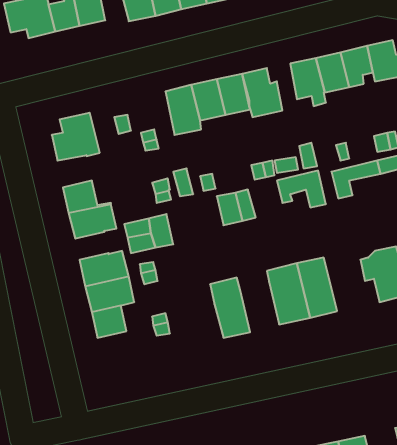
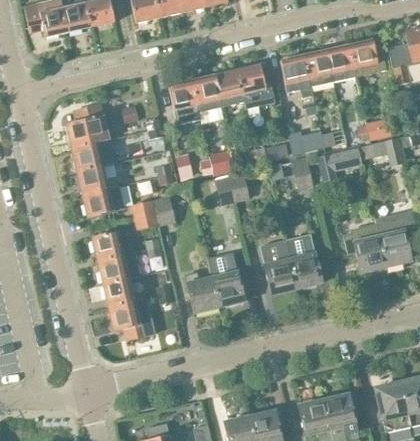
building: none -> [72,140,115,171]
building: none -> [185,272,221,313]
building: none -> [108,300,147,339]

